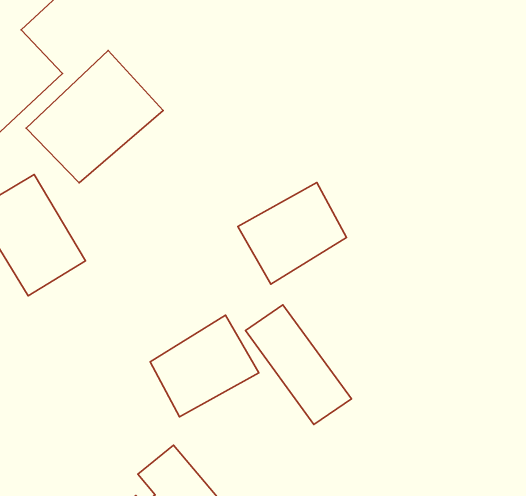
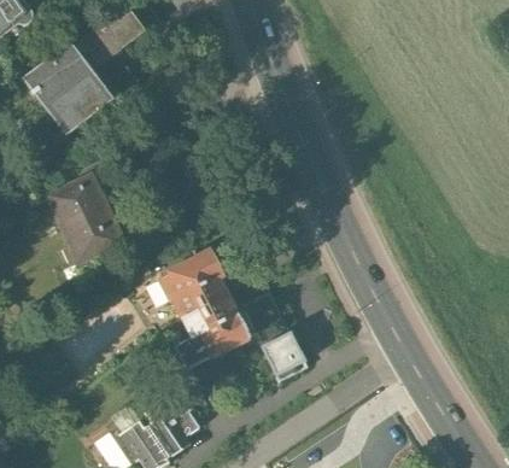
building: [26,51,163,183] -> none
building: [238,183,346,284] -> [144,252,223,323]

